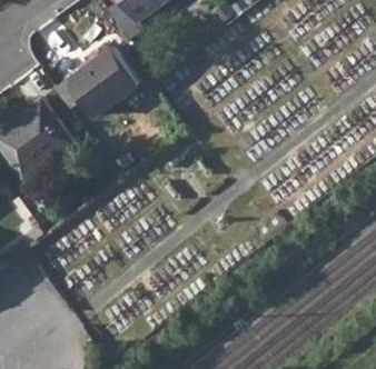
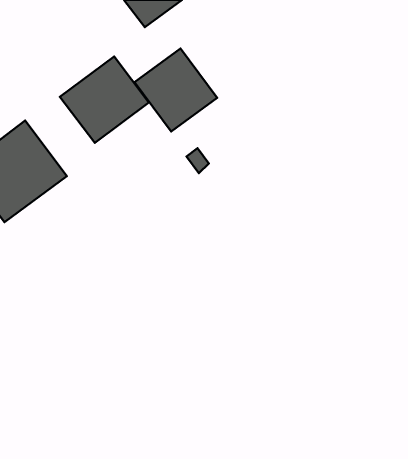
building: none -> [134,48,217,131]

